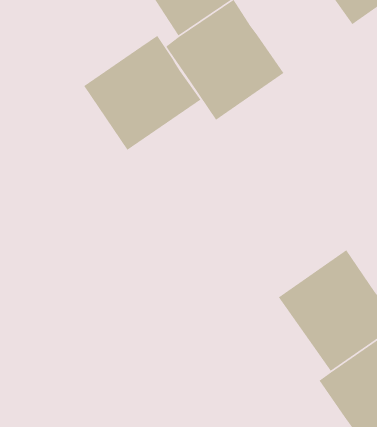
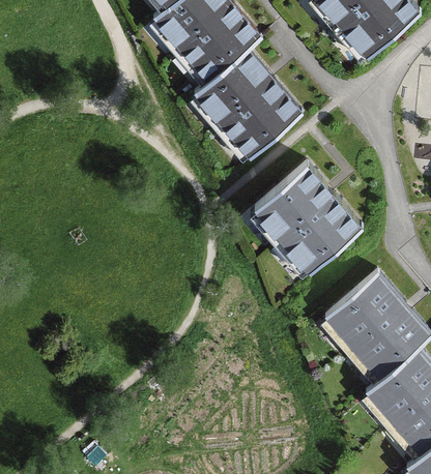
building: [83,35,202,151] -> none
building: none -> [249,161,364,277]

